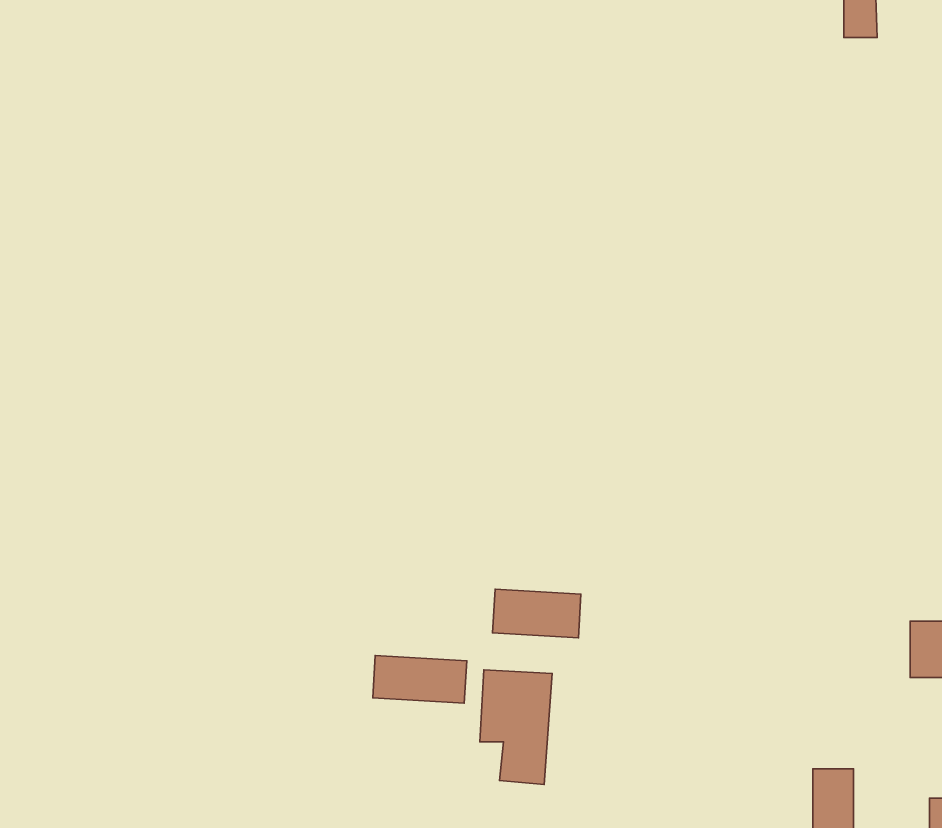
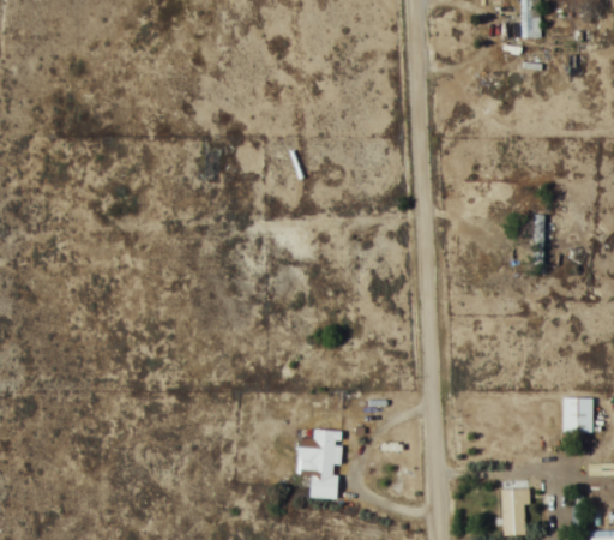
building: [493,589,581,638] -> none
building: [373,655,467,703] -> none

